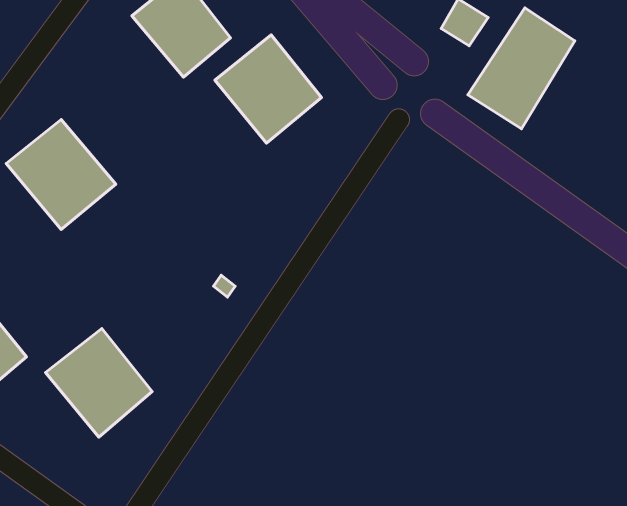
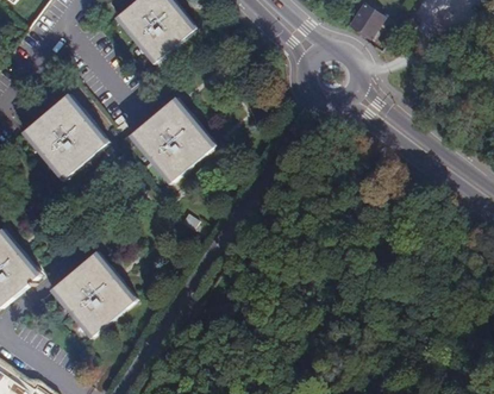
building: [468,8,575,129] -> none
building: [215,35,321,143] -> [131,101,212,183]

